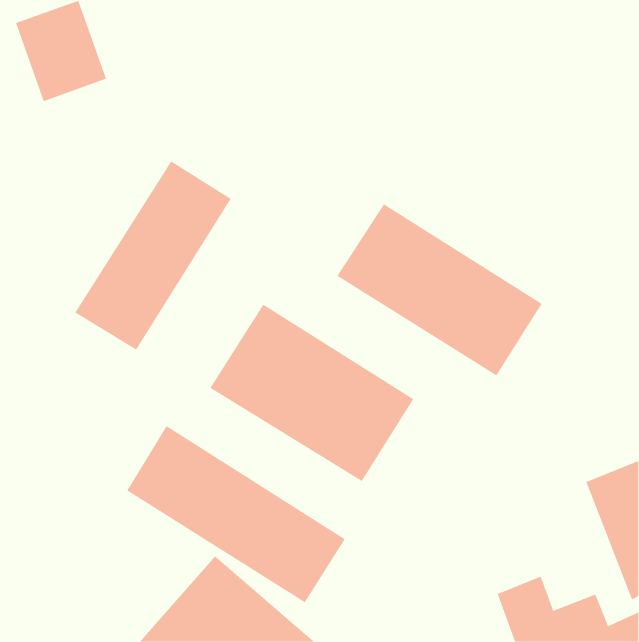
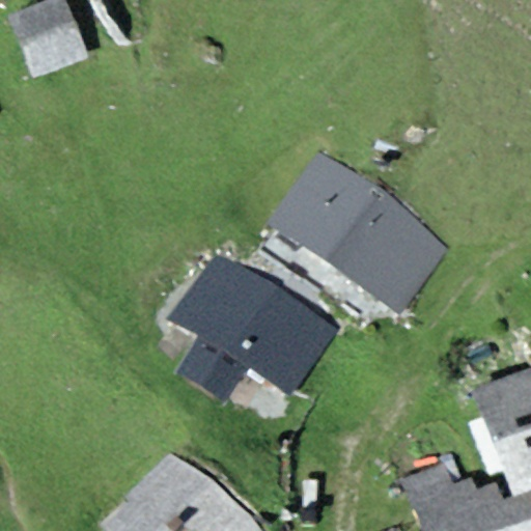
building: [74,160,232,351] -> none
building: [126,425,346,603] -> none

